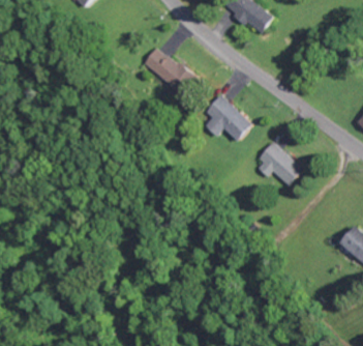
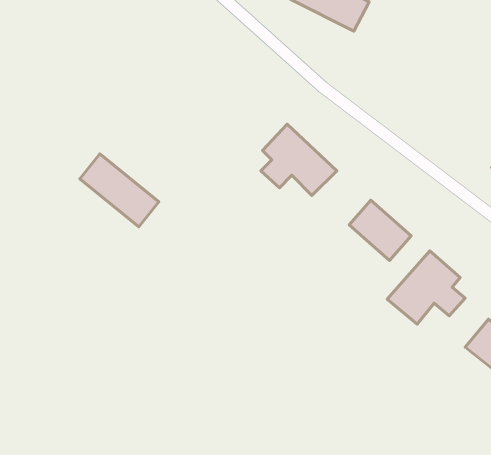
building: [143,46,195,94] -> [80,154,159,227]
building: none -> [387,251,465,324]

